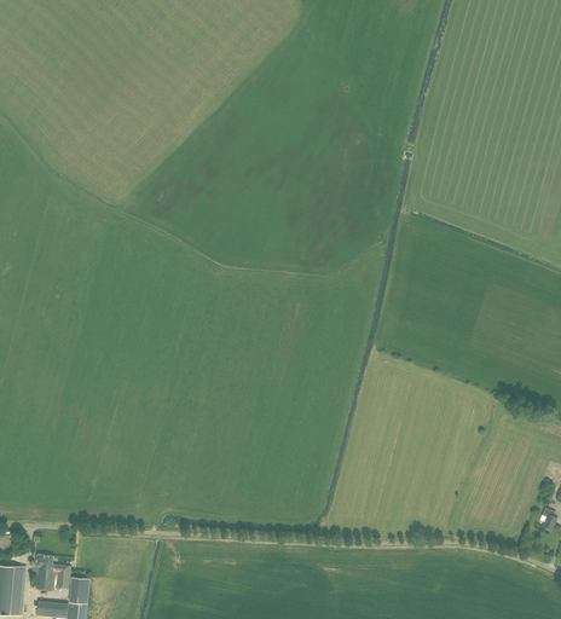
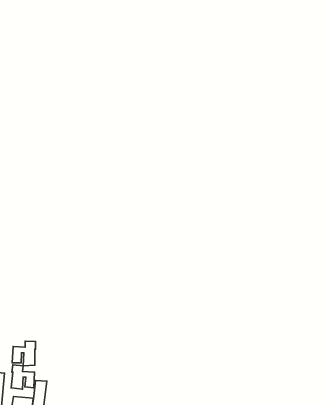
building: none -> [12,341,36,366]

